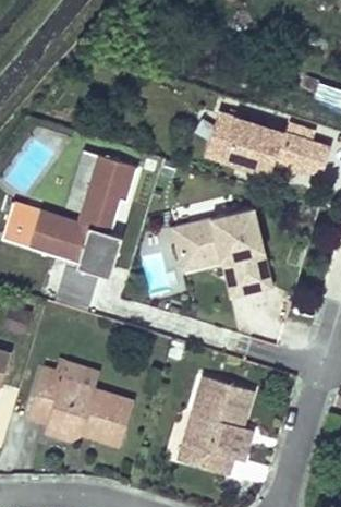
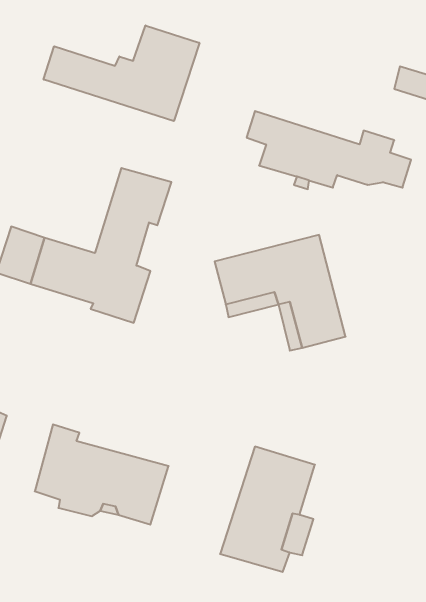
building: none -> [44,25,199,121]

